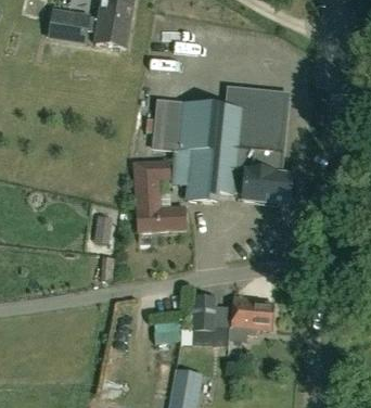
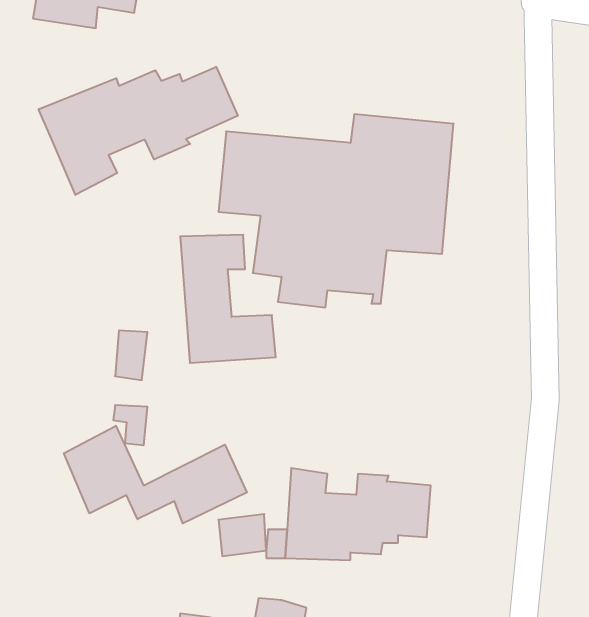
building: none -> [39,67,238,195]
building: [246,168,293,204] -> none
building: none -> [64,426,247,523]

